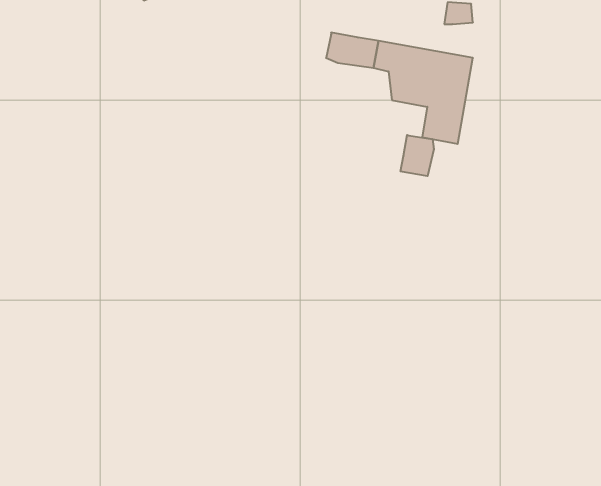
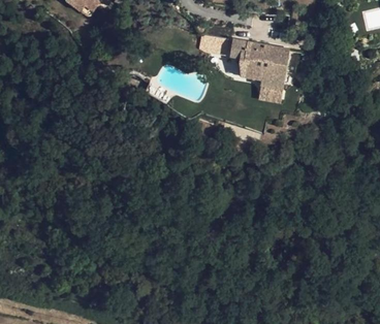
building: [401,135,434,176] -> none

